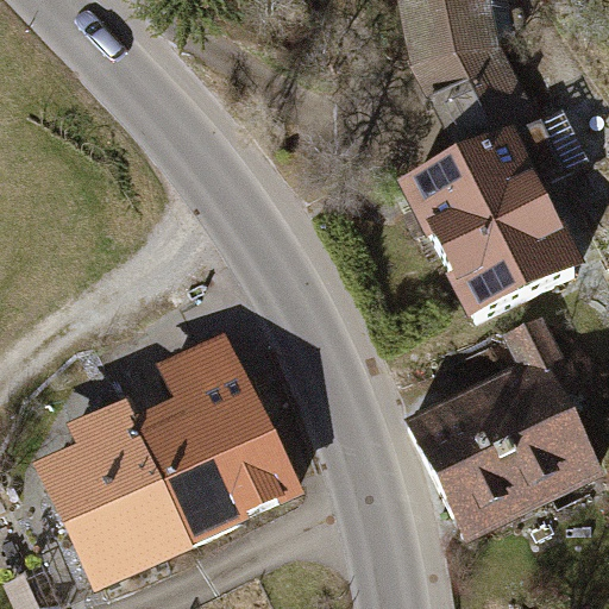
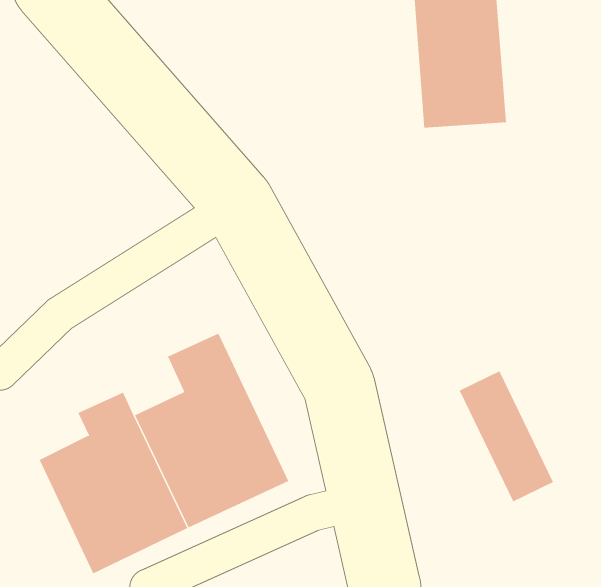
building: [408,133,572,314] -> none
building: [506,314,595,488] -> none
building: [420,395,519,529] -> none

